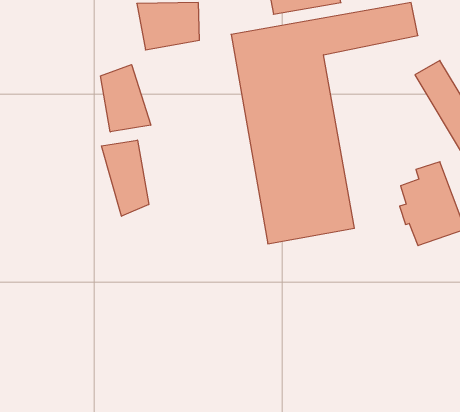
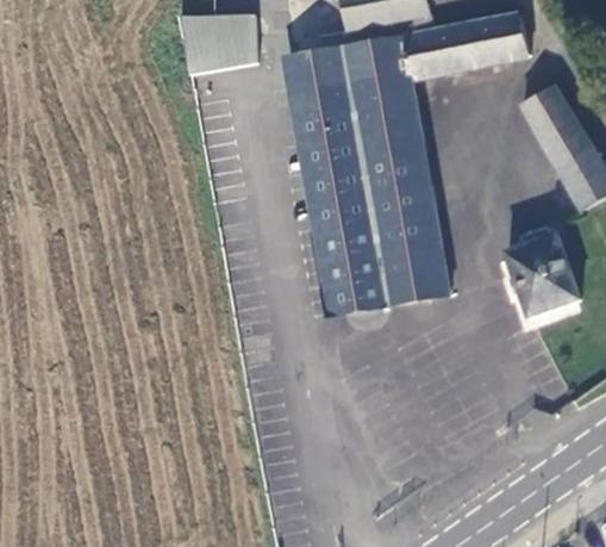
building: [100,65,151,132] -> none
building: [101,140,149,216] -> none

